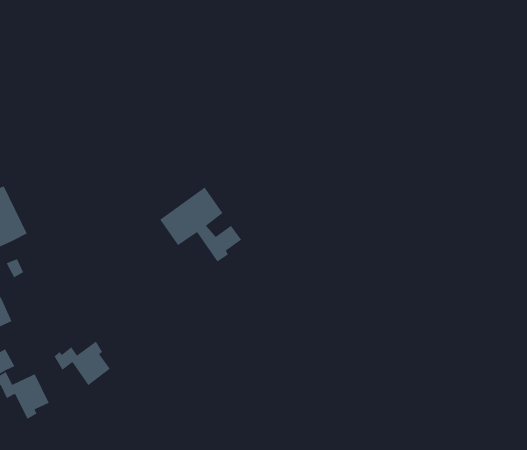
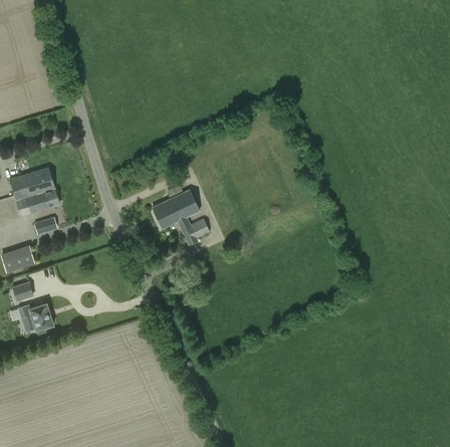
building: [53,341,111,386] -> none

